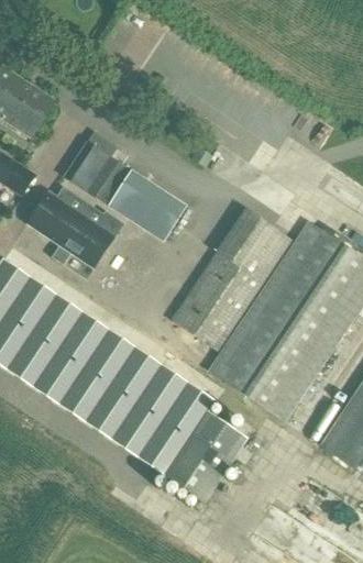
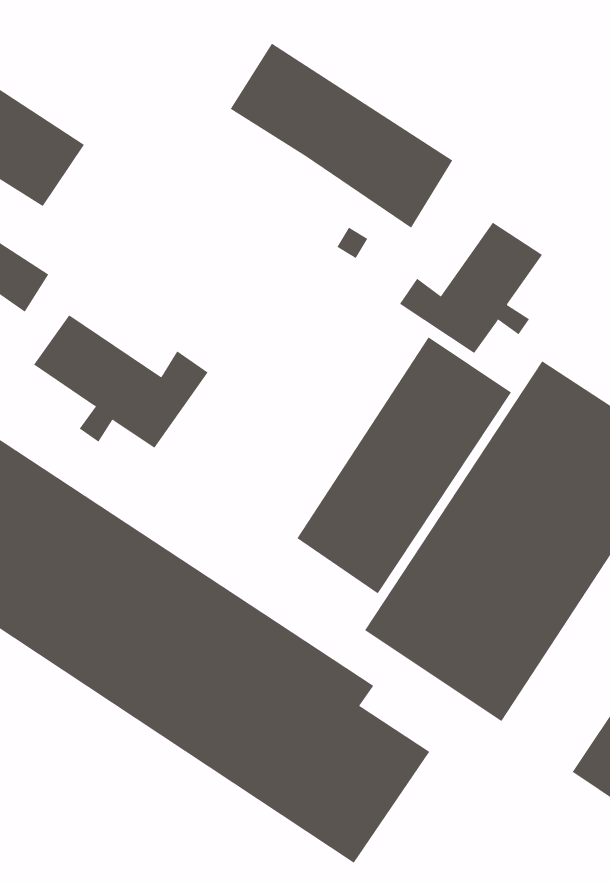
building: [64,140,187,242] -> [230,43,453,229]
building: none -> [399,222,543,354]

